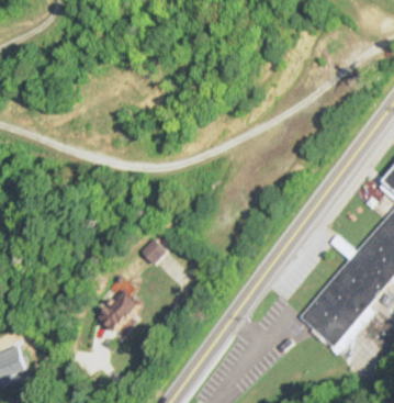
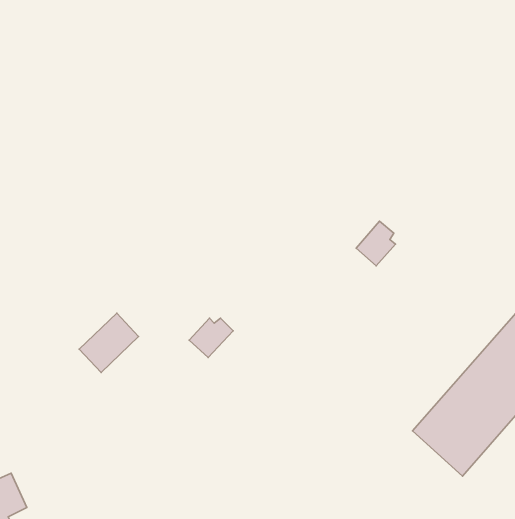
building: none -> [356,221,395,266]
building: [98,291,139,333] -> [79,313,139,372]

